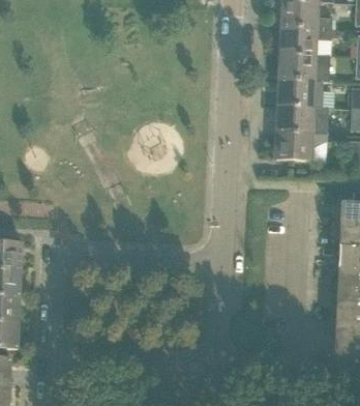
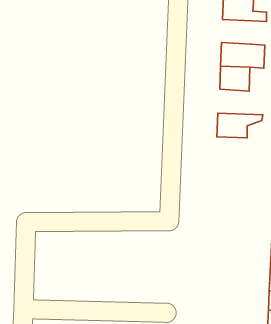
building: [280,26,331,54] -> none
building: [276,105,328,134] -> none

